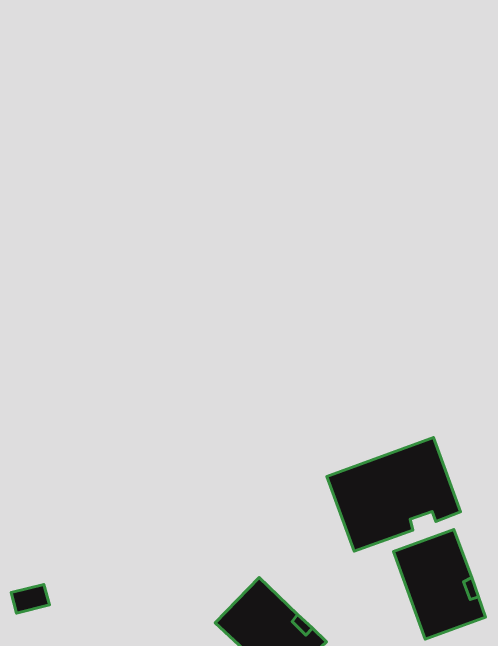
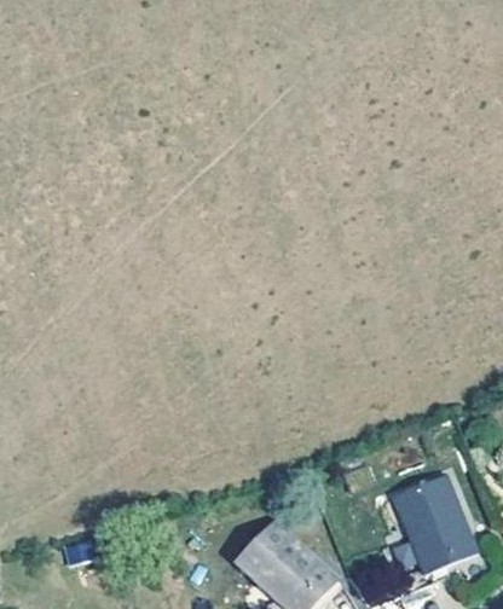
building: [327,437,461,551] -> none

